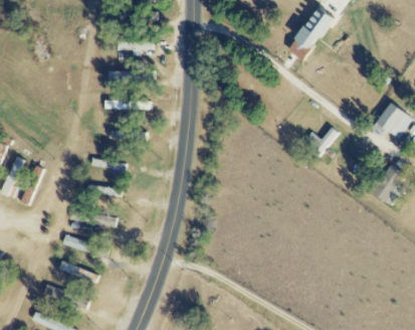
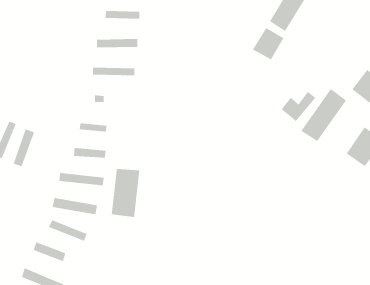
building: none -> [252,27,284,60]
building: none -> [301,88,347,142]
building: none -> [111,168,140,218]

